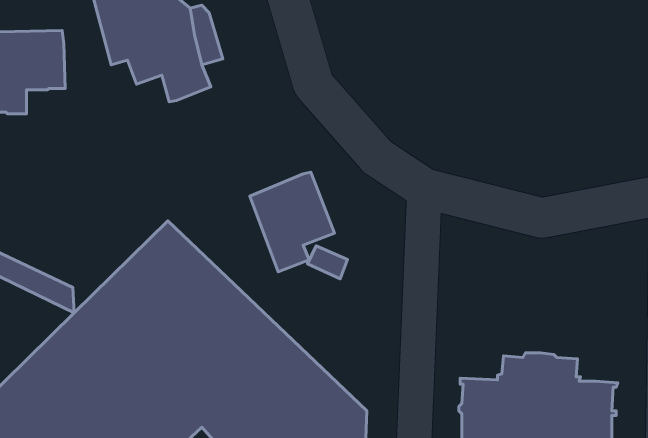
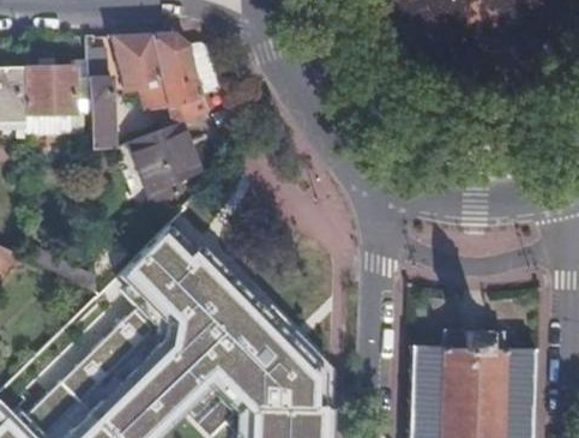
building: none -> [91,77,117,149]
building: [250,172,334,272] -> [133,122,201,203]

